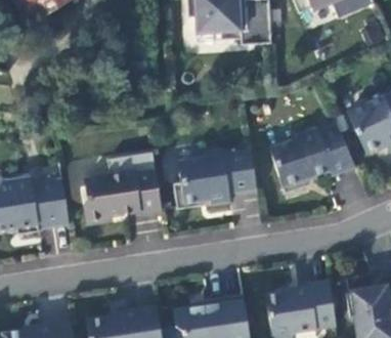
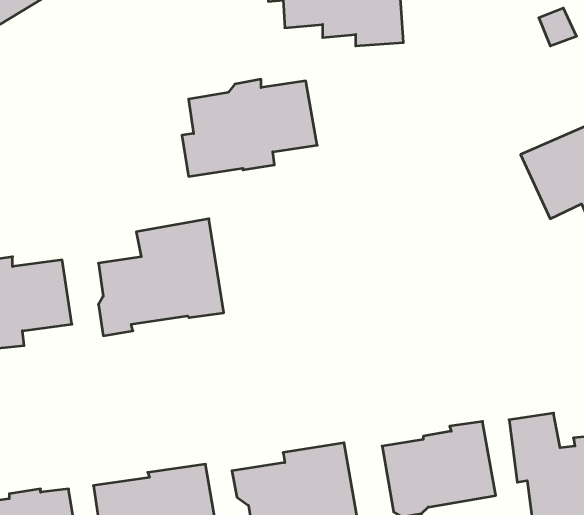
building: [272,123,357,193] -> none
building: [175,150,259,210] -> [182,79,317,176]

